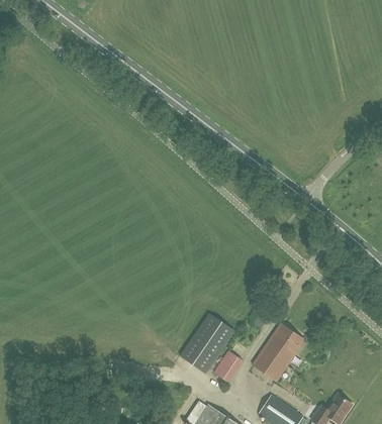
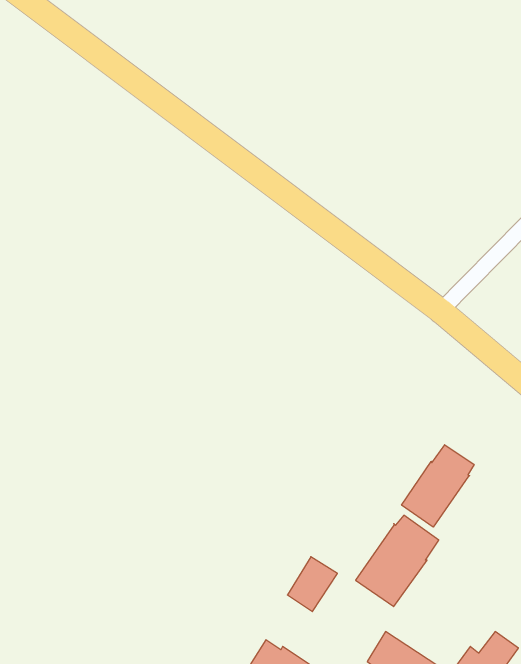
building: none -> [402,445,474,527]
building: [180,313,233,373] -> none

